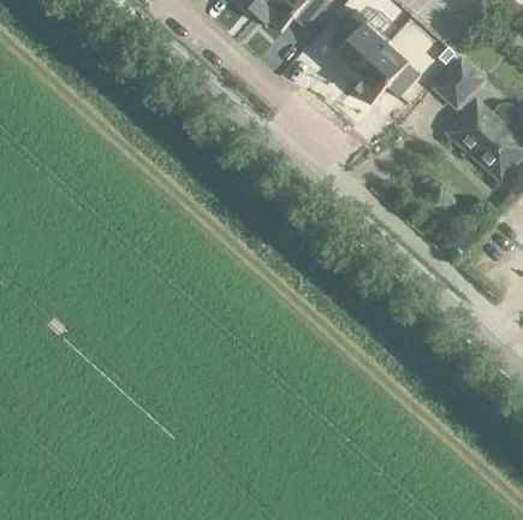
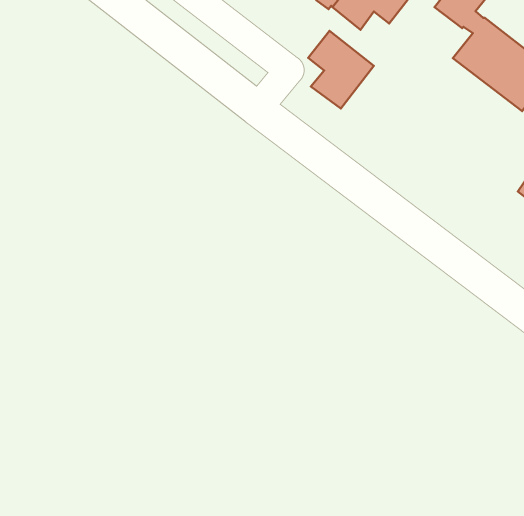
building: none -> [308,31,374,109]

